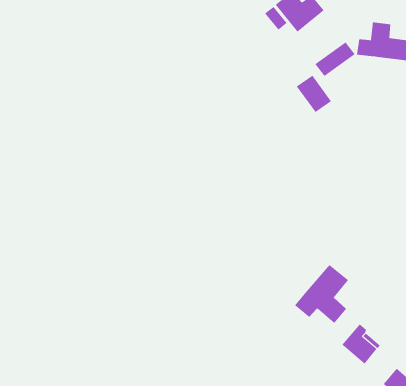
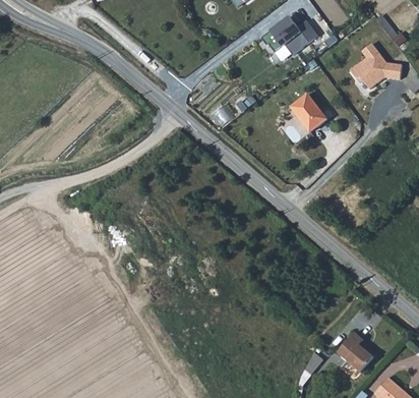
building: [314,41,356,77] -> none
building: [294,264,349,324] -> none

